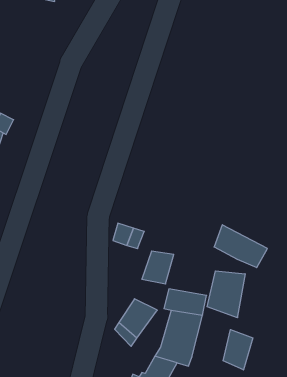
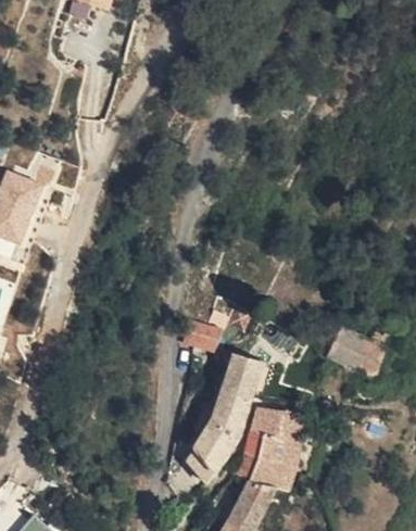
building: [207,271,245,318] -> none
building: none -> [212,391,253,432]
building: [223,330,253,370] -> none

